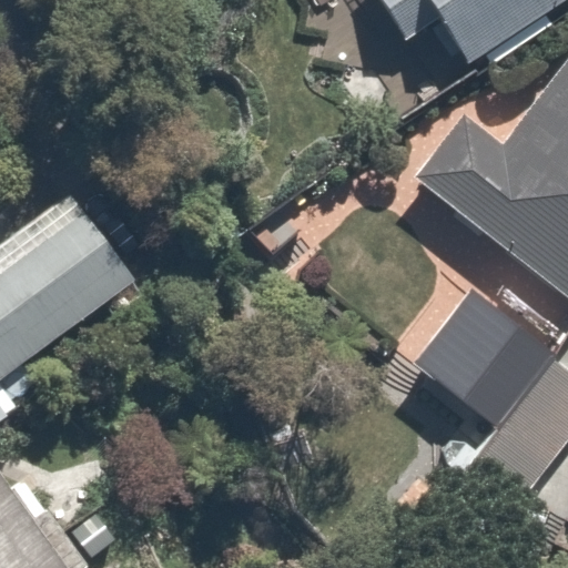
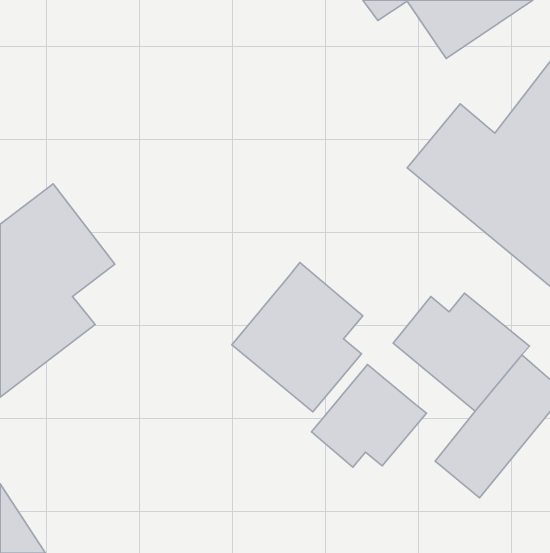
building: none -> [232,263,363,412]
building: none -> [311,364,427,467]

